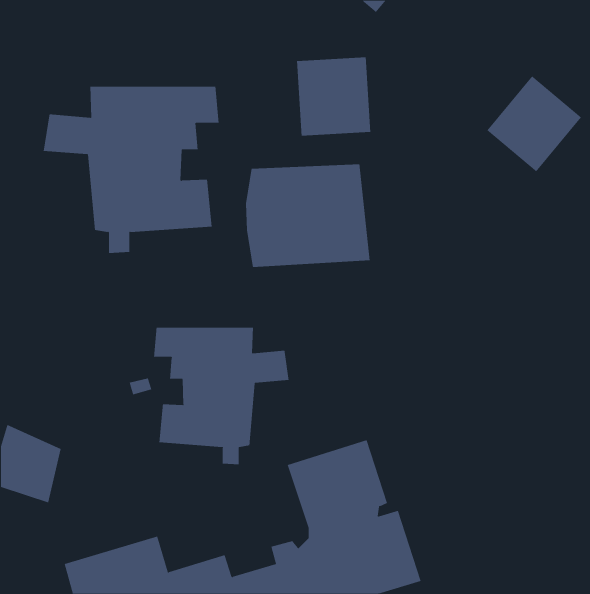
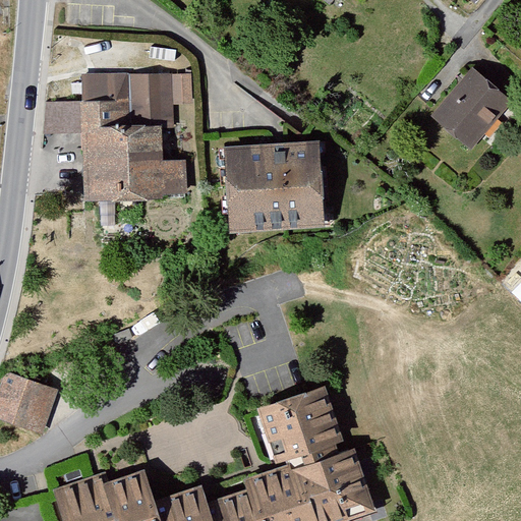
building: [296,57,371,137] -> none
building: [153,327,289,465] -> none

